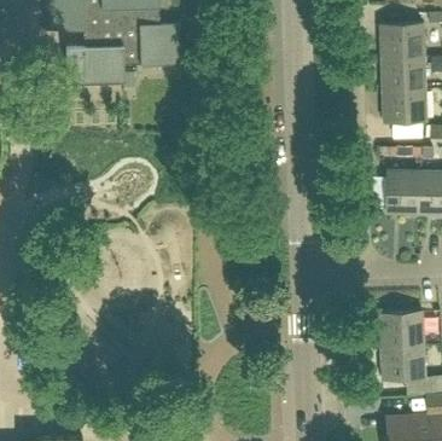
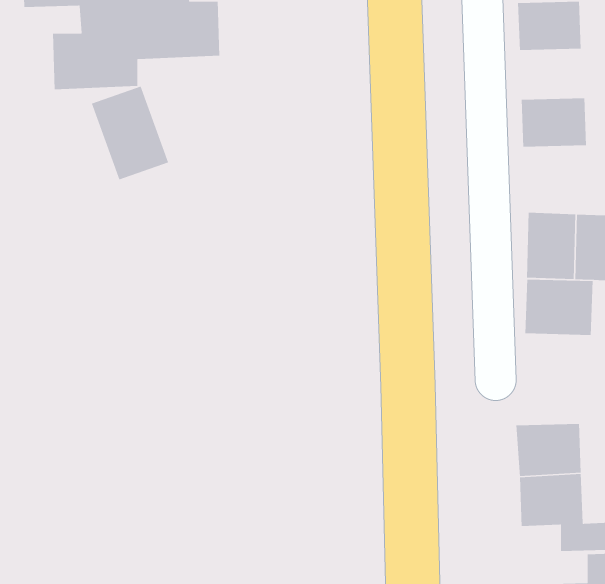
building: [380,57,425,91] -> none
building: none -> [91,86,169,181]
building: none -> [524,279,594,336]

